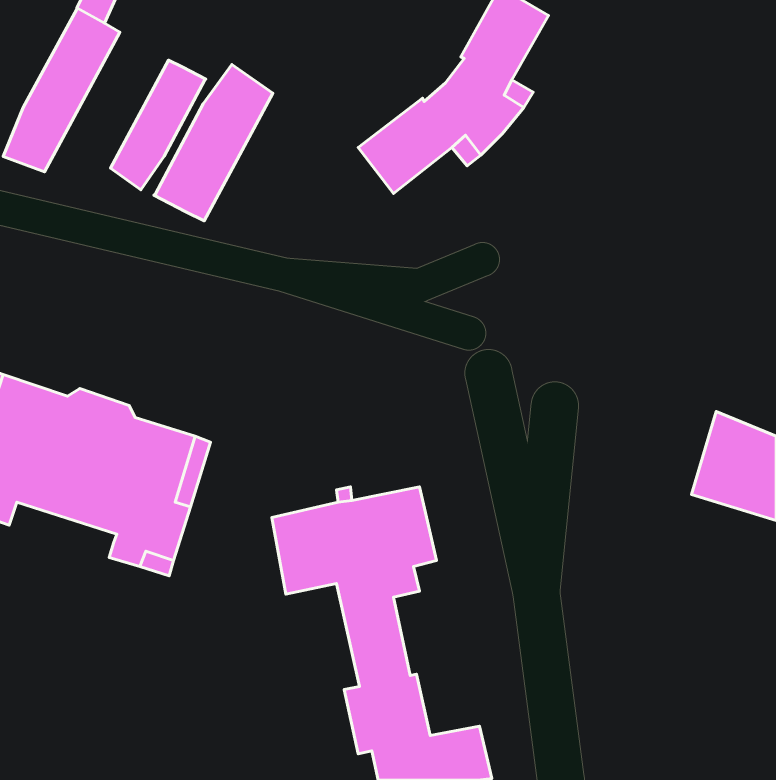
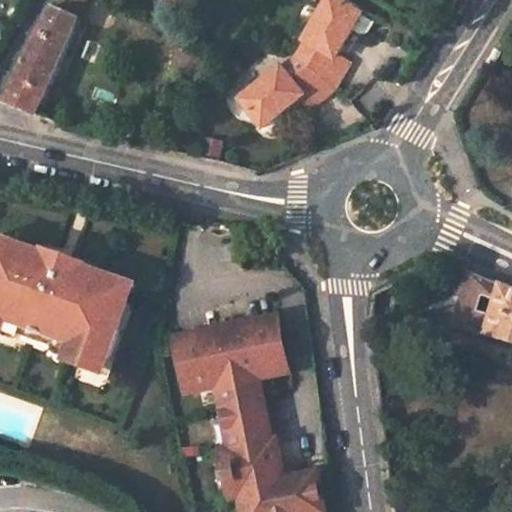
building: [110,60,206,190] -> none
building: [154,65,273,221] -> none

